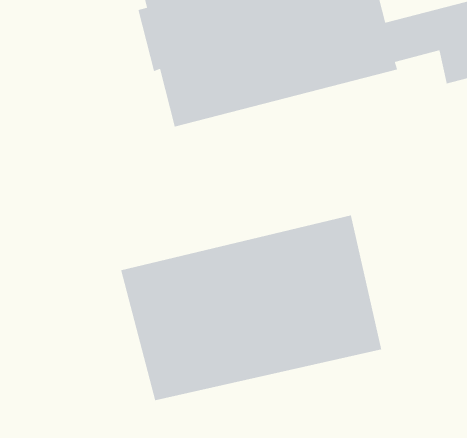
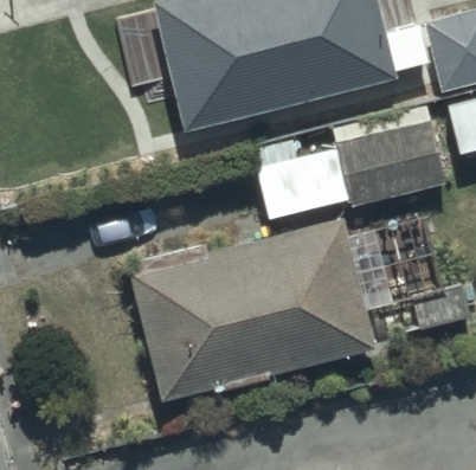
building: none -> [258,117,452,220]

